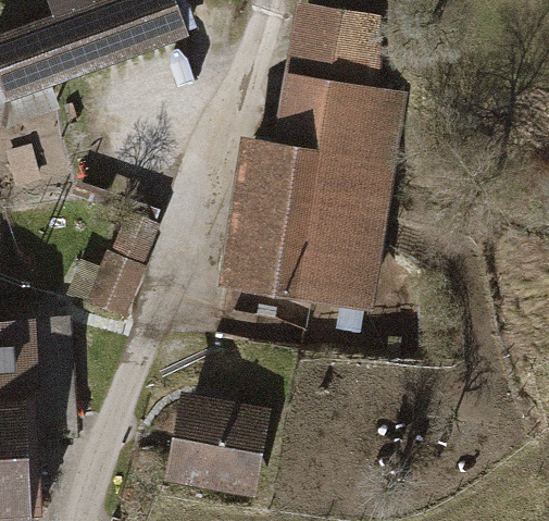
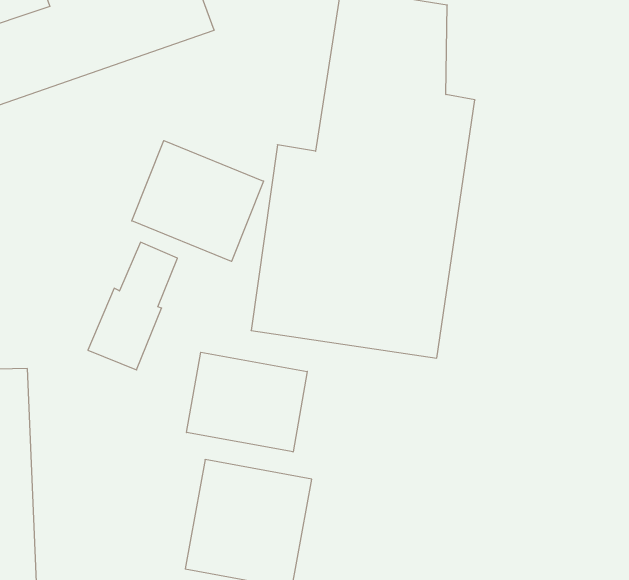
building: none -> [132,141,264,261]
building: none -> [187,352,307,452]

